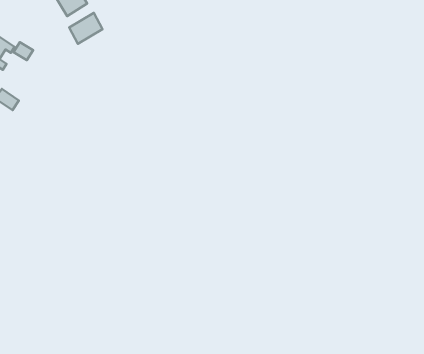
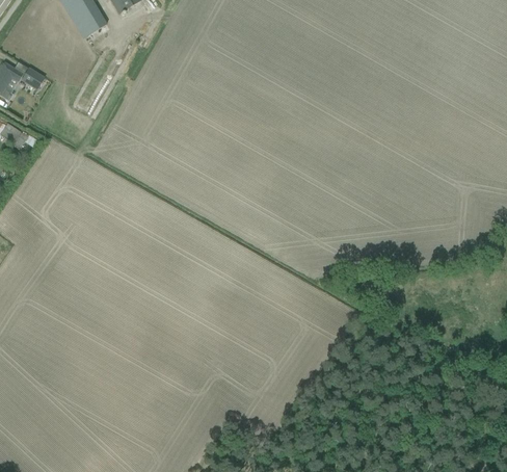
building: [69,13,102,44] -> none

